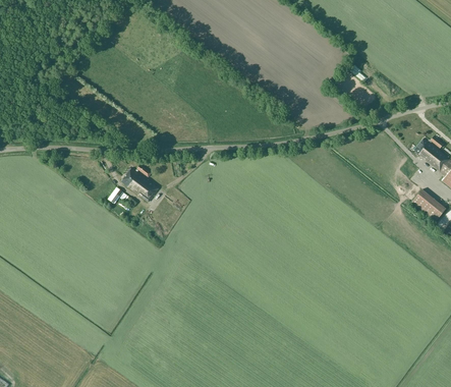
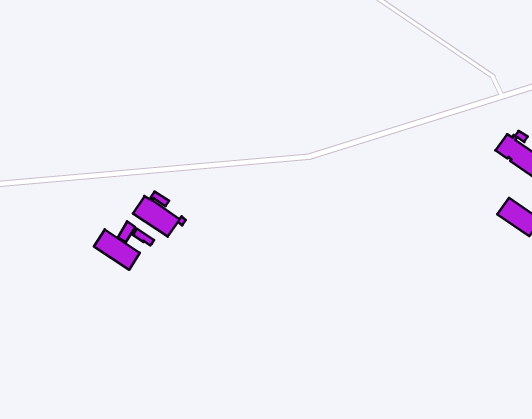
building: none -> [94,229,140,270]

